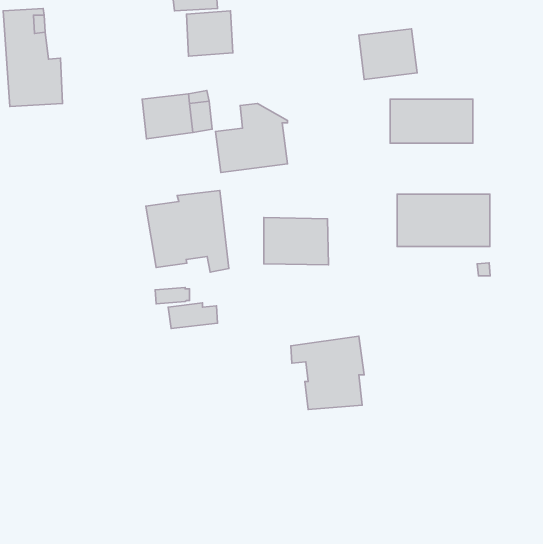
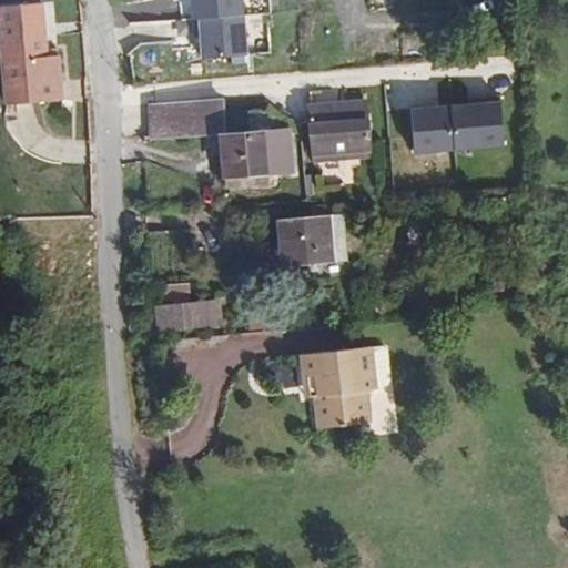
building: [359,29,417,79] -> [313,95,373,148]
building: [146,190,229,272] -> none
building: [397,194,490,247] -> none

